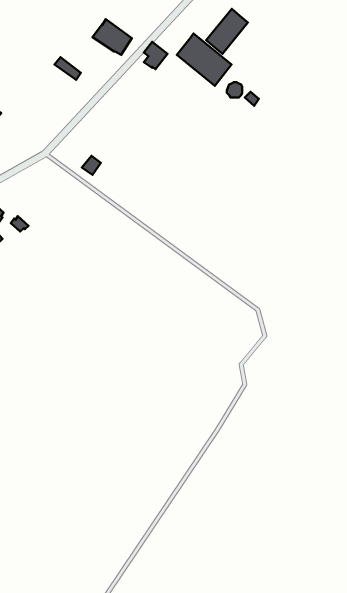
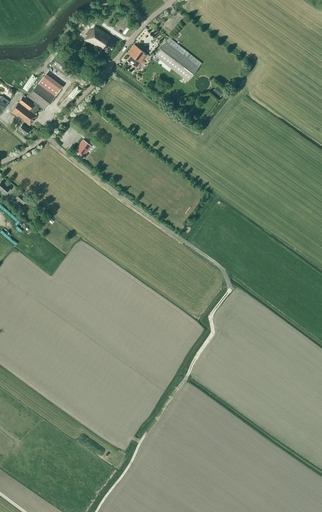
building: [206,9,248,54] -> none
building: none -> [10,76,60,135]

